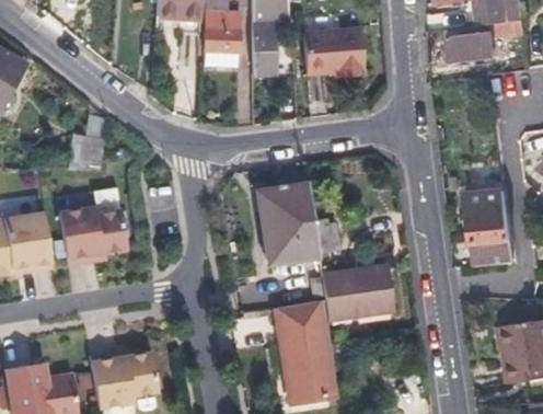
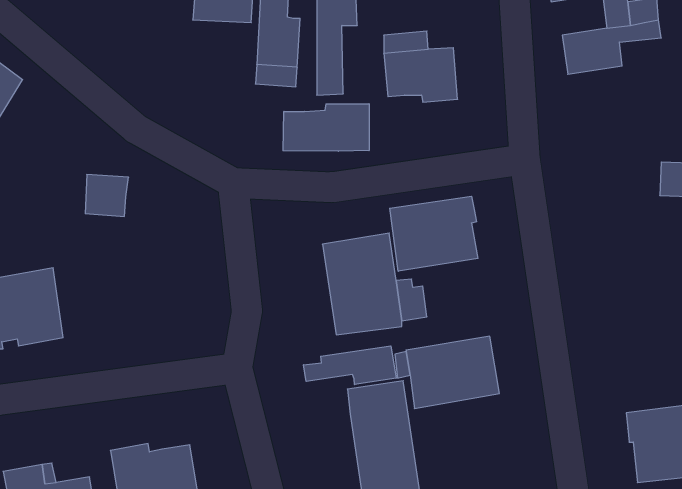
building: none -> [283,104,369,151]
building: none -> [390,196,478,271]
building: [464,187,512,263] -> none
building: [60,205,128,263] -> none
building: none -> [304,346,396,385]

